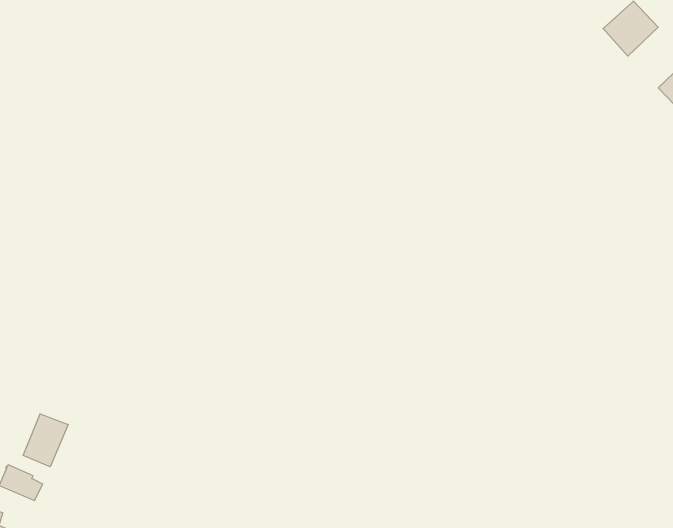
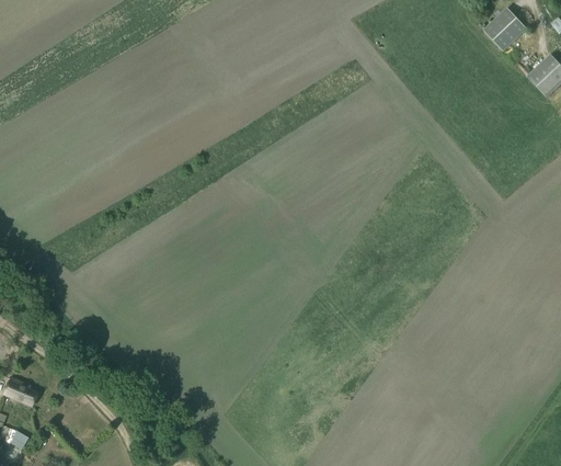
building: [23,414,68,467] -> none

